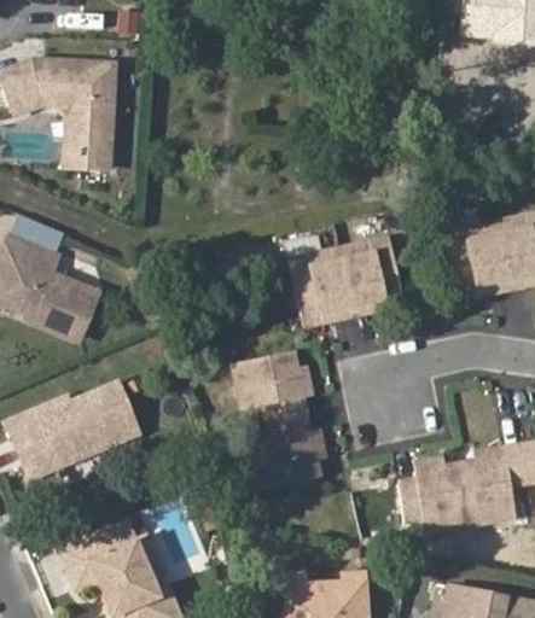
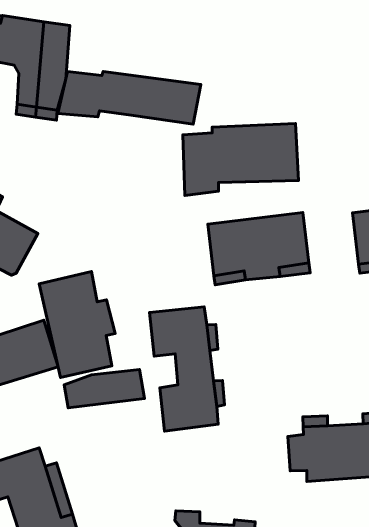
building: none -> [58,72,201,124]
building: none -> [183,123,299,195]
building: none -> [39,271,115,378]
building: none -> [64,369,144,408]

